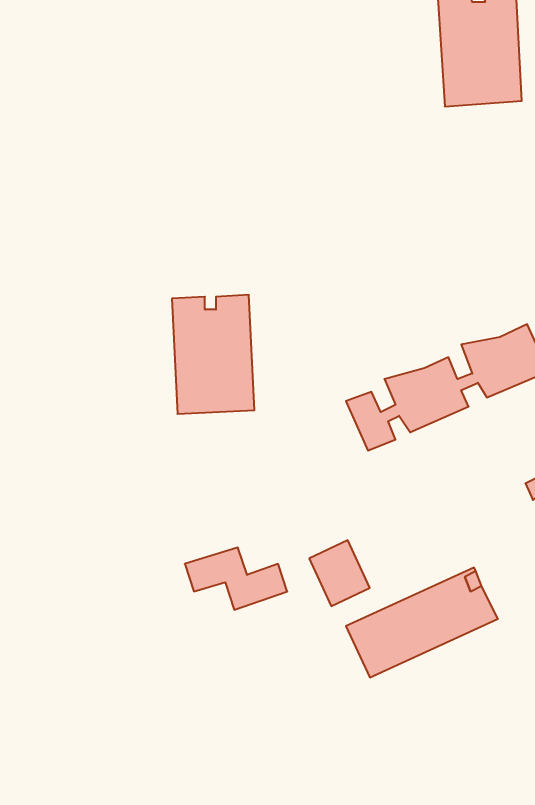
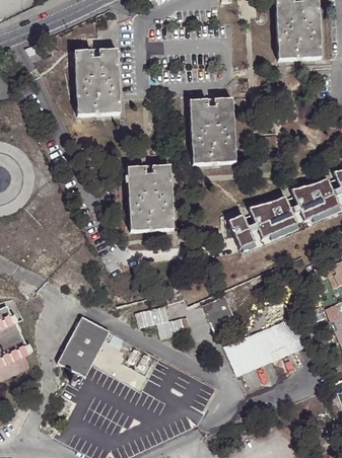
building: none -> [75,49,121,116]
building: none -> [190,97,236,164]
building: none -> [56,313,108,374]

